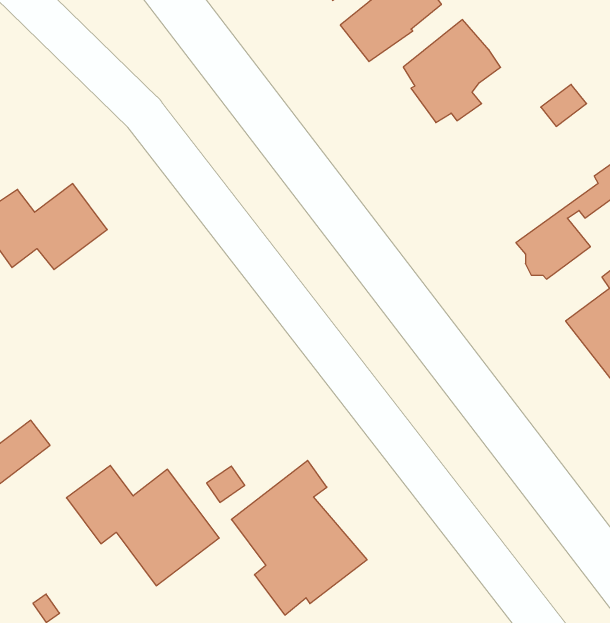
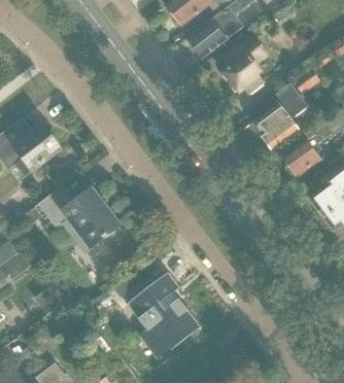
building: none -> [253,82,307,148]
building: [66,465,219,586] -> [37,186,119,251]

